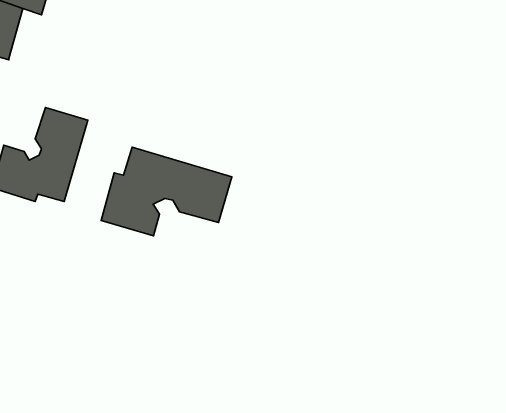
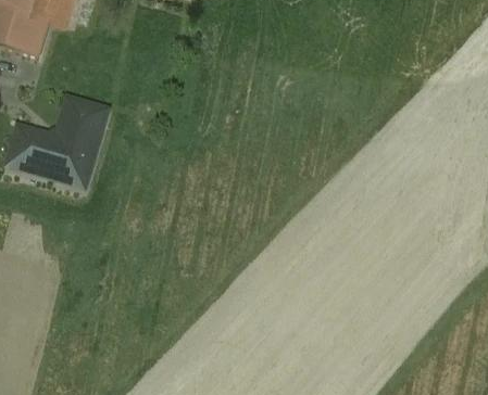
building: [101,147,232,236] -> none

